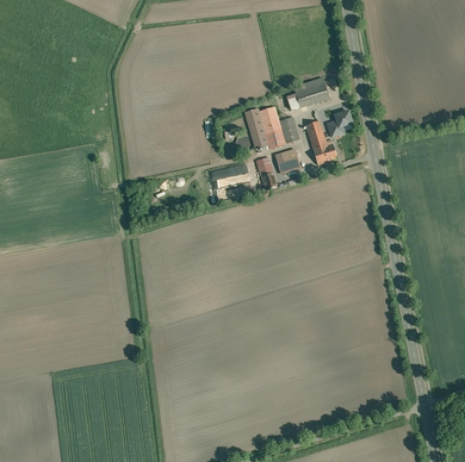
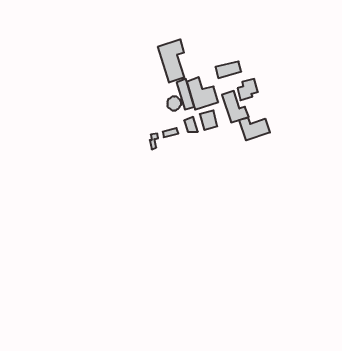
building: none -> [158,39,184,83]
building: none -> [239,117,270,140]

